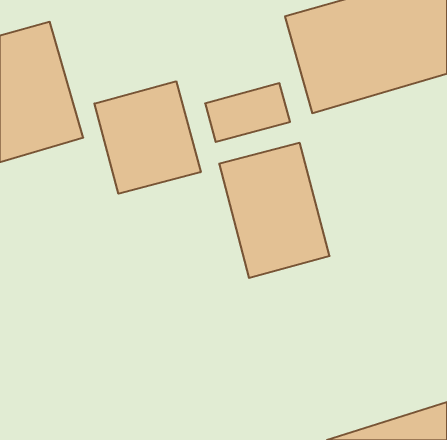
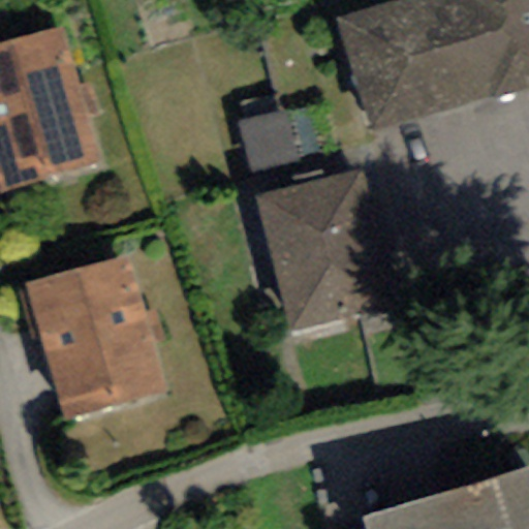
building: [94,81,201,194] -> none
building: none -> [18,254,165,419]

